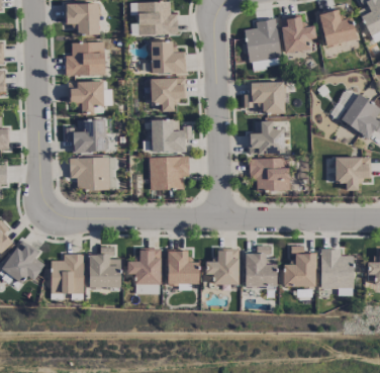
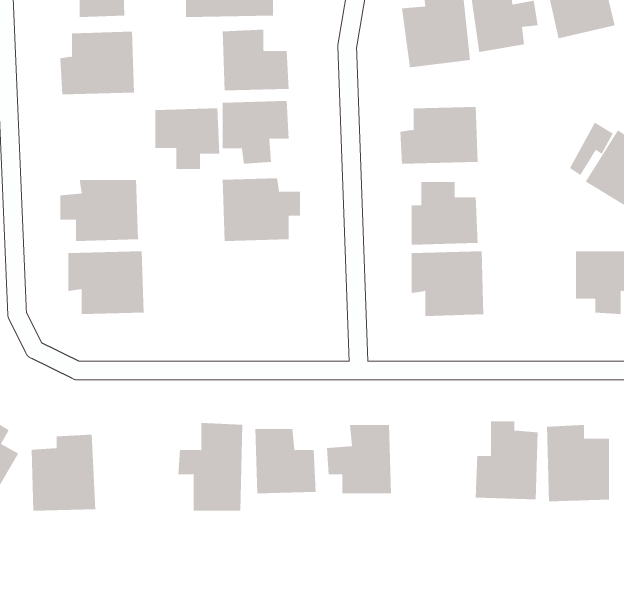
building: [70,81,104,113] -> [154,108,220,170]
building: [150,156,190,189] -> none
building: [245,245,278,286] -> none
building: [89,246,121,287] -> none

